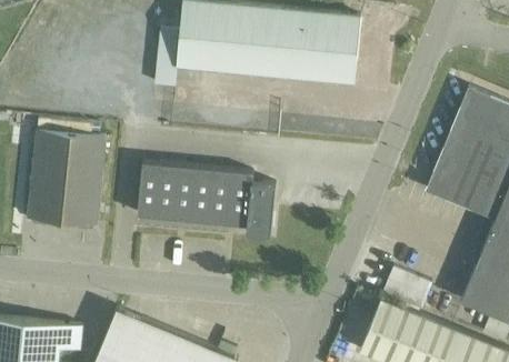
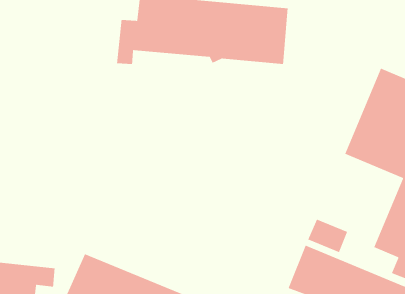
building: [28,130,104,230] -> none
building: [138,162,276,235] -> none

